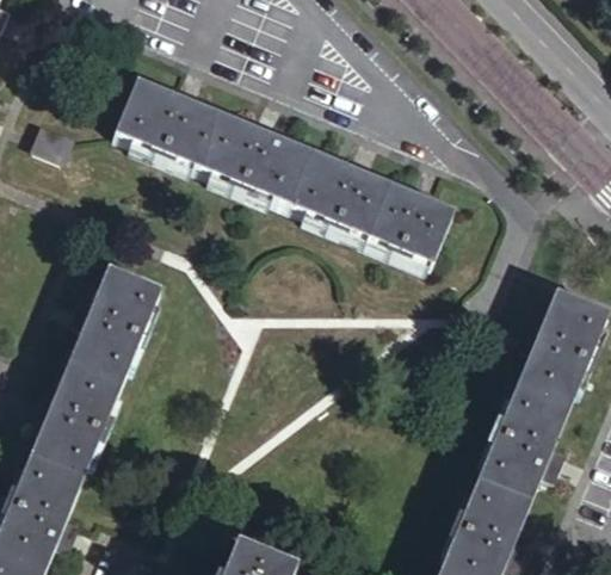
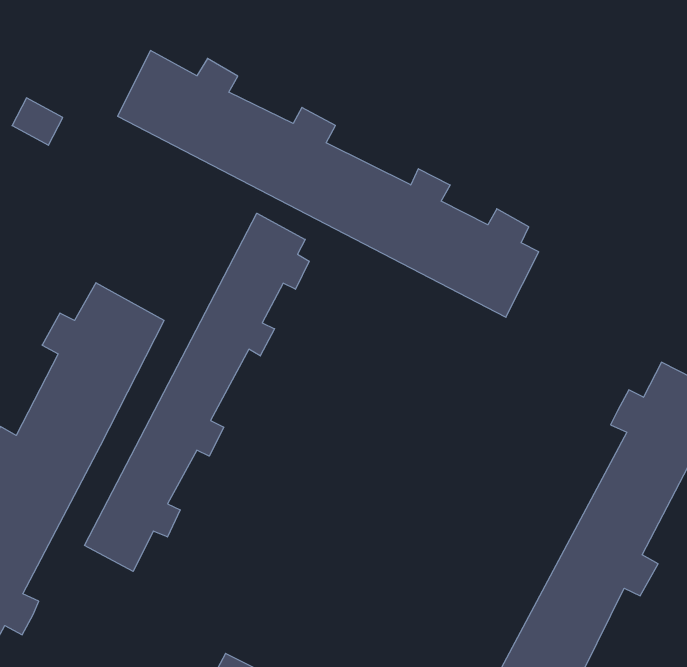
building: none -> [85,213,309,571]

